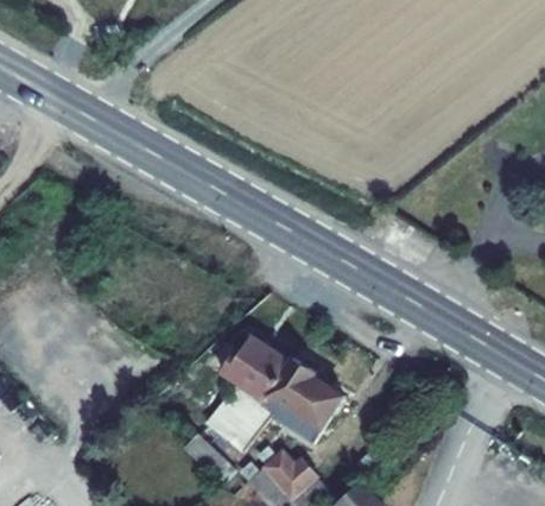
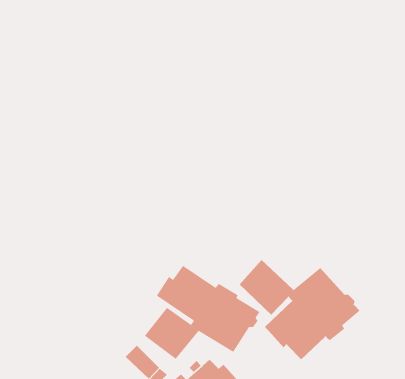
building: none -> [239,259,361,360]

